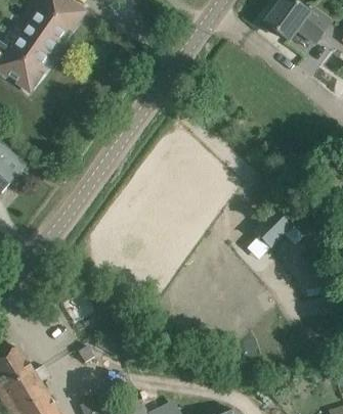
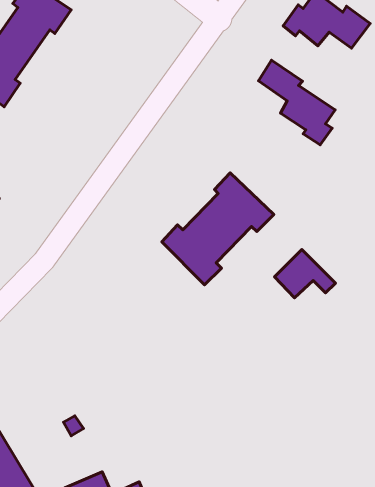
building: none -> [258,60,335,145]
building: none -> [162,173,274,285]

